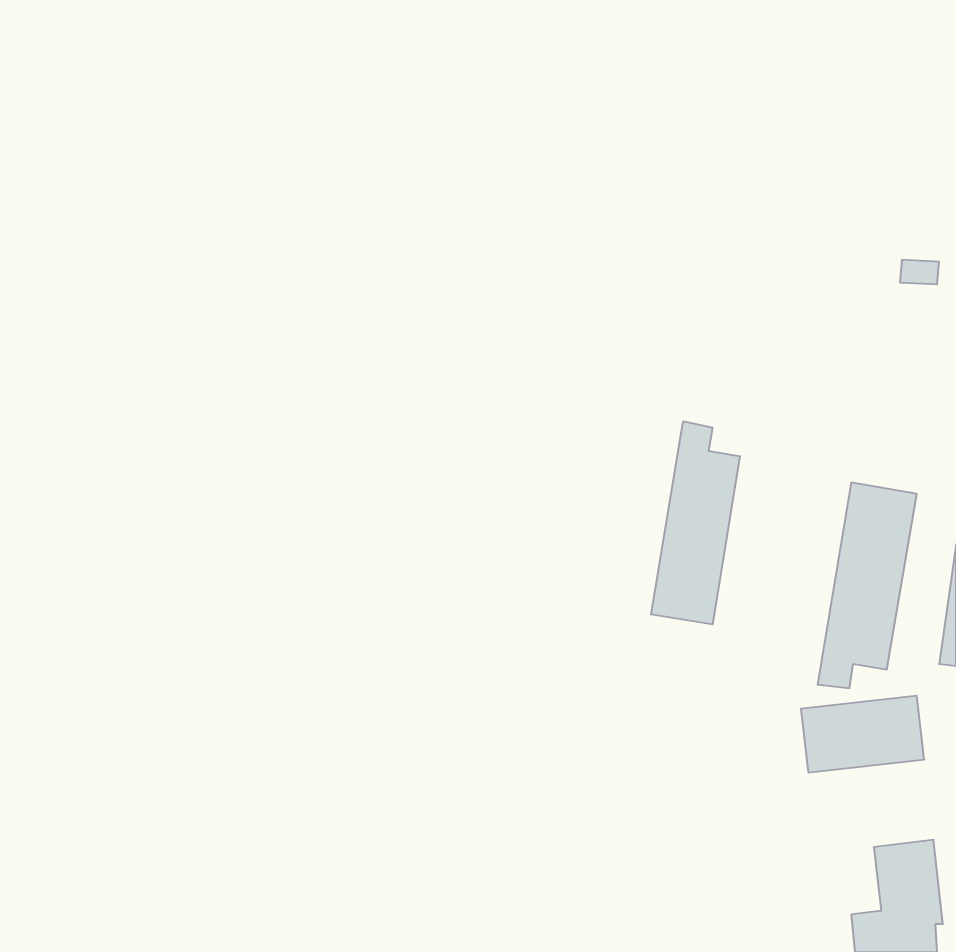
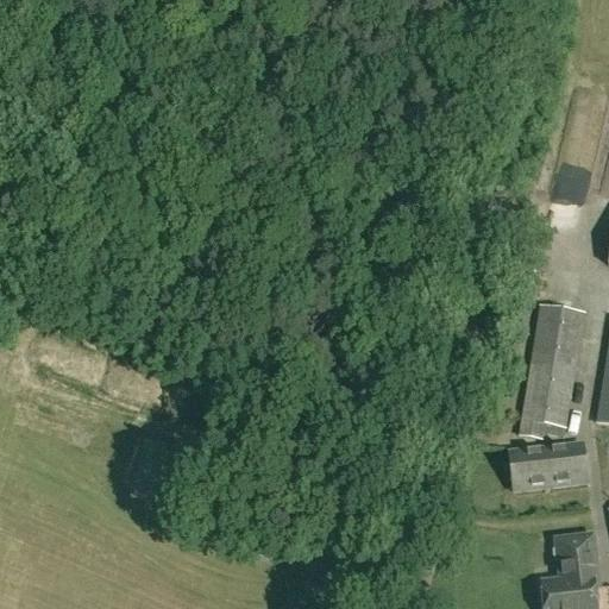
building: [651,421,740,624] -> none

